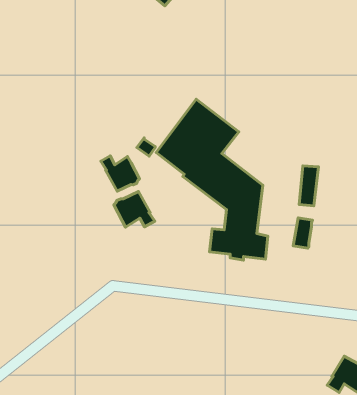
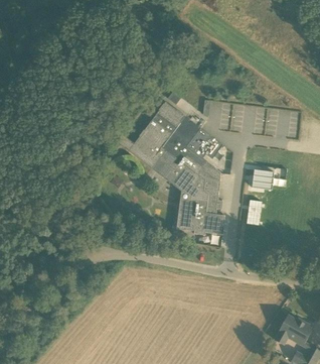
building: [101,156,139,191] -> none
building: [114,191,155,227] -> none

